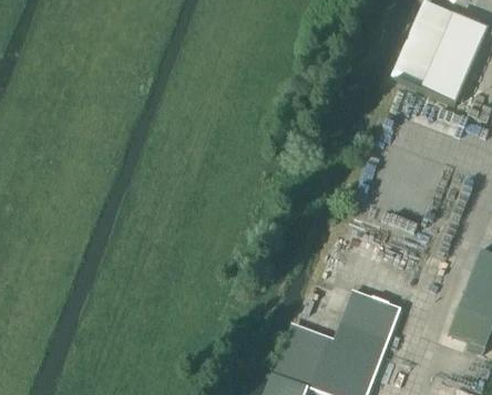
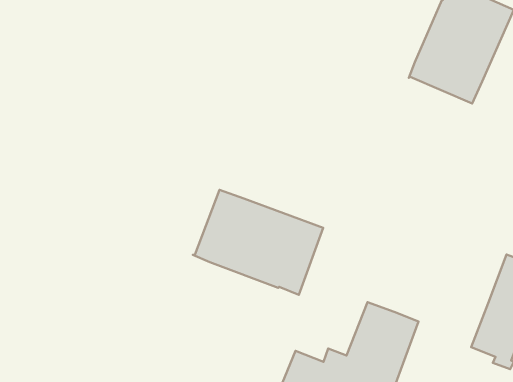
building: none -> [193,190,323,295]

